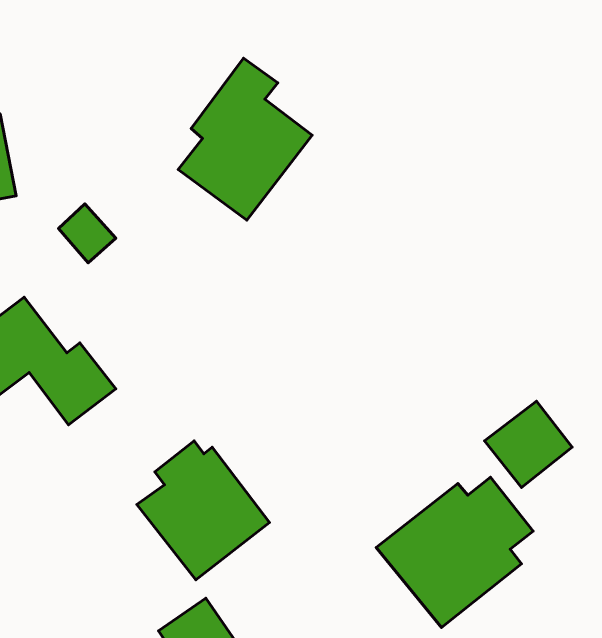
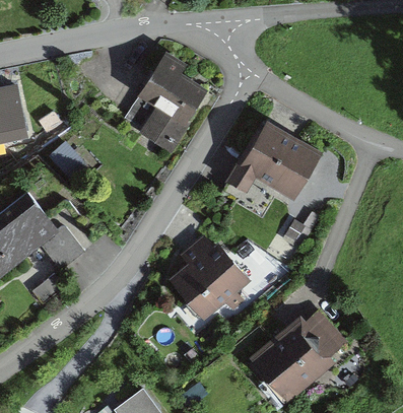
building: none -> [224,123,320,204]
building: [484,401,572,487] -> none
building: [137,441,269,580] -> [171,236,253,323]

